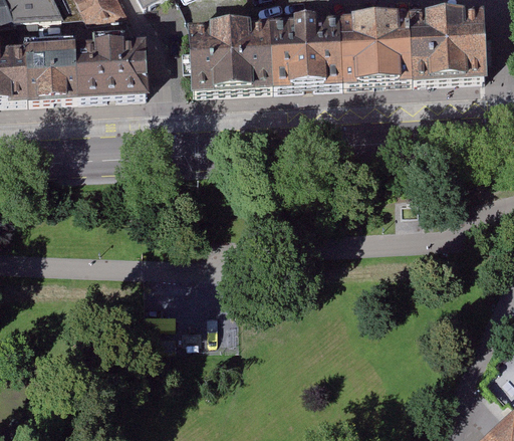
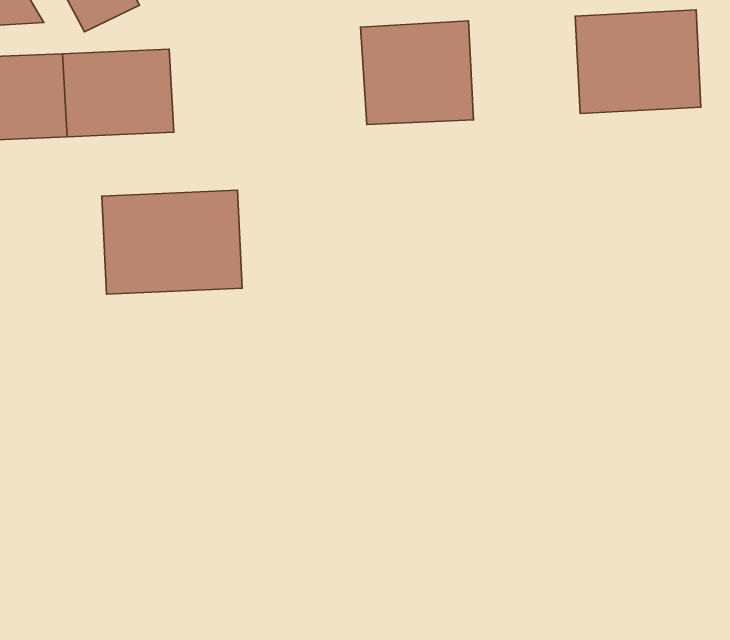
building: [336,16,408,82] -> none
building: [187,23,271,89] -> none
building: none -> [102,190,242,294]

